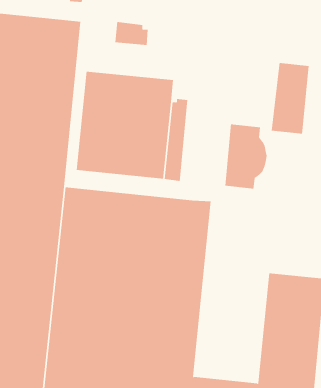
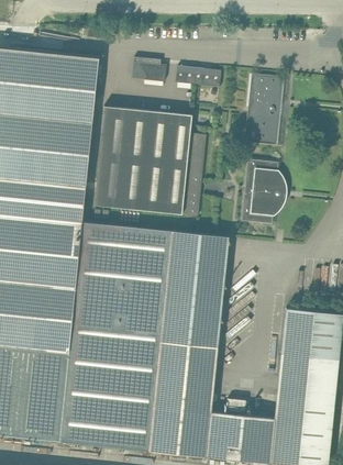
building: none -> [176,67,221,88]
building: [271,62,310,134] -> [244,75,283,146]

